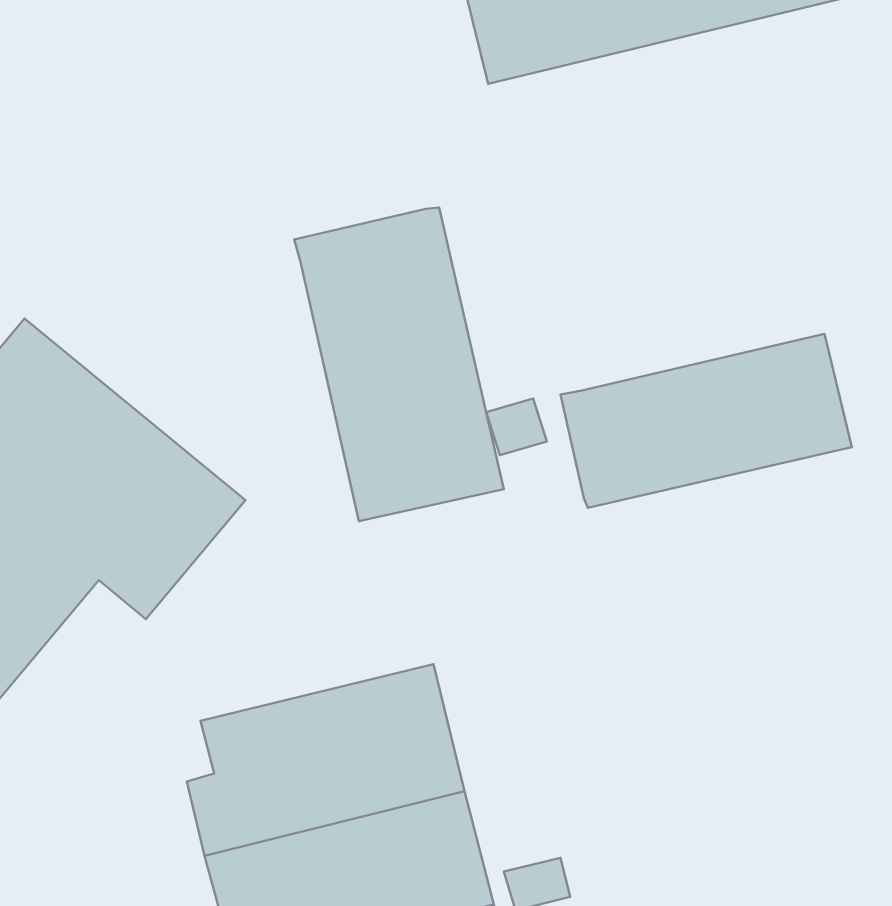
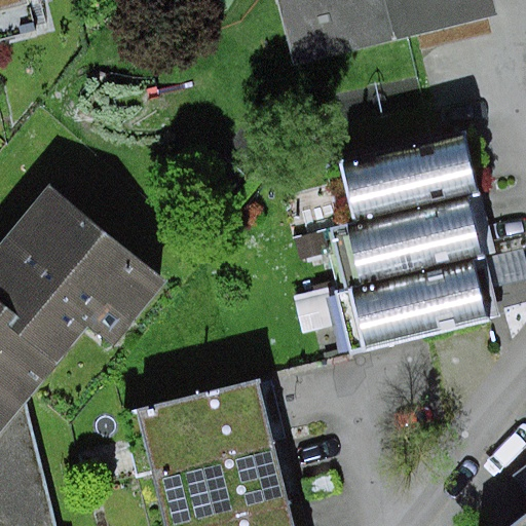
building: [294,208,504,521] -> none
building: none -> [328,135,481,227]
building: none -> [292,259,488,351]

